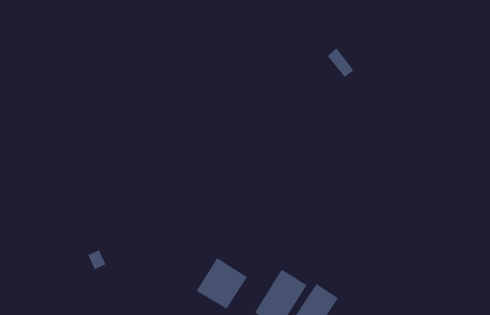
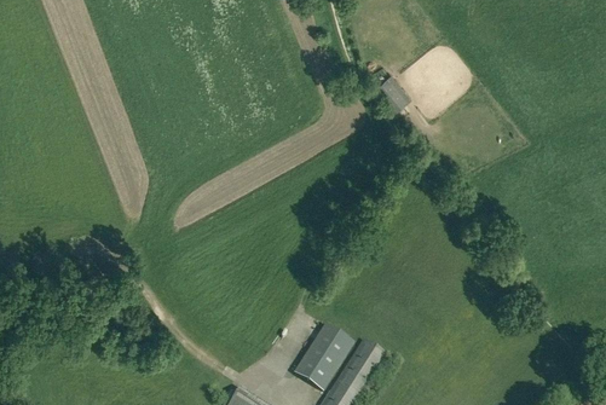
building: [196,257,248,310] -> none

